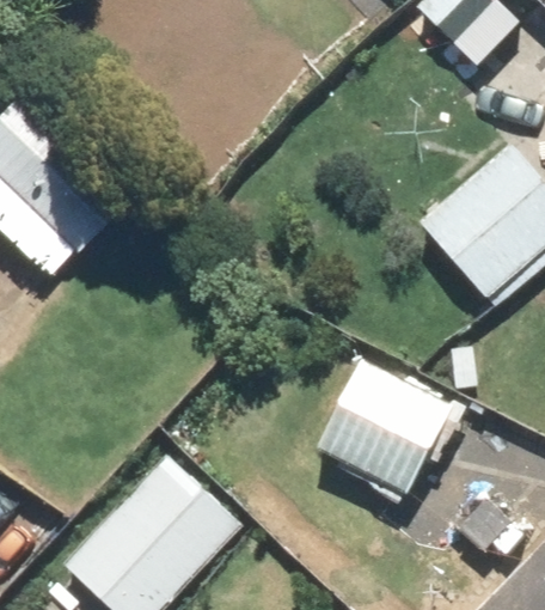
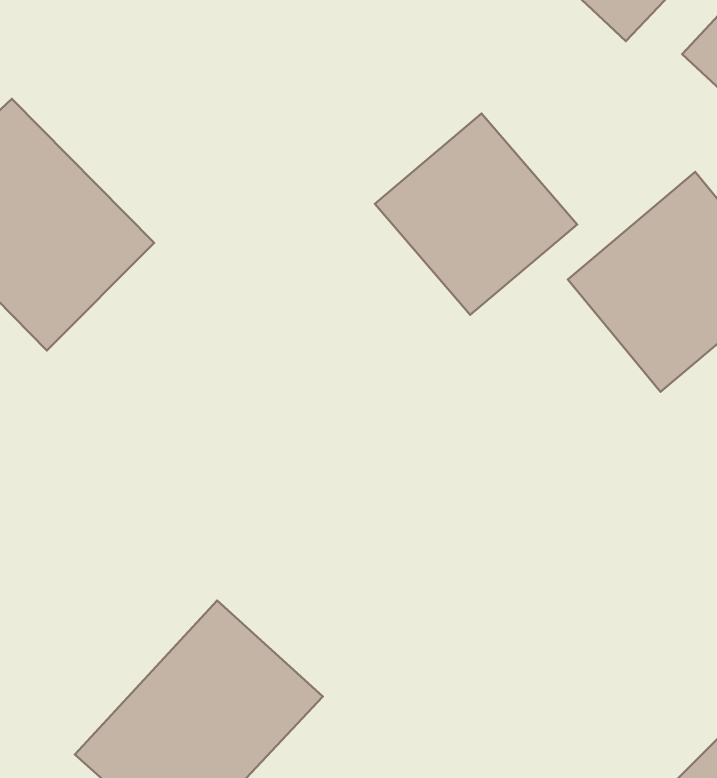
building: none -> [375,113,577,315]
building: [319,364,453,494] -> none

